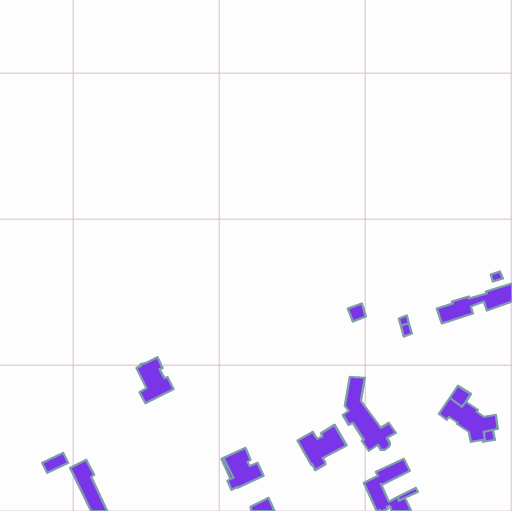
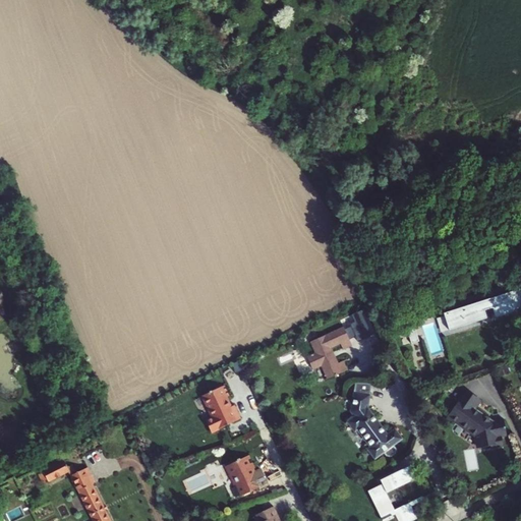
building: none -> [307,328,351,379]
building: [137,357,174,403] -> [202,384,240,430]
building: [298,425,346,470] -> none

